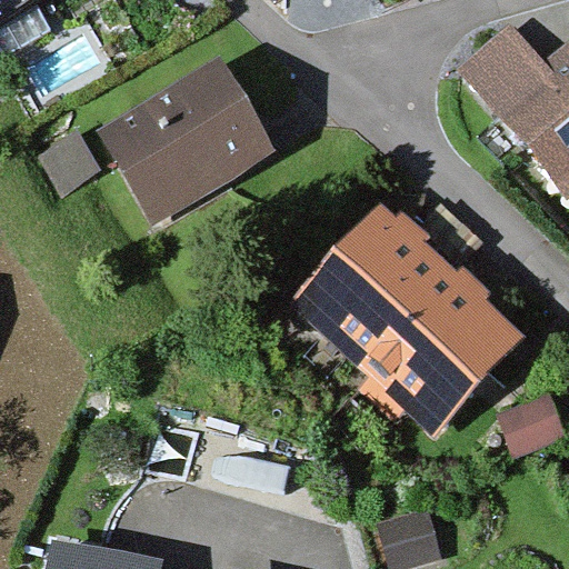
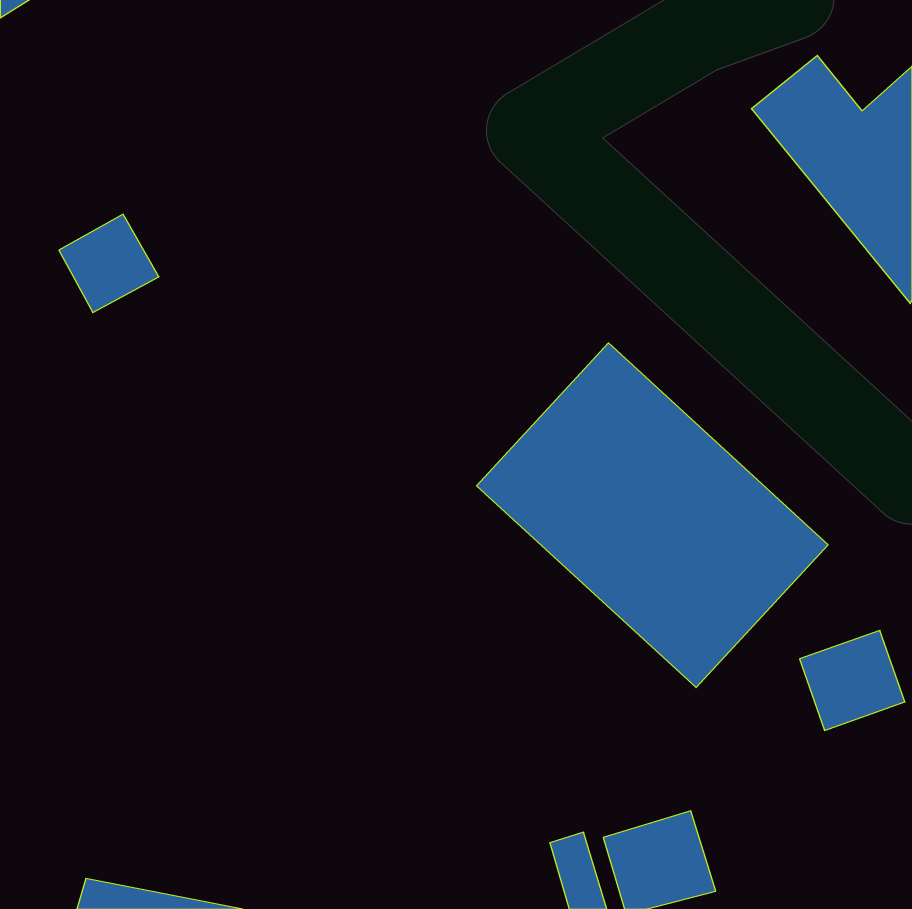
building: [101,64,266,217] -> none

